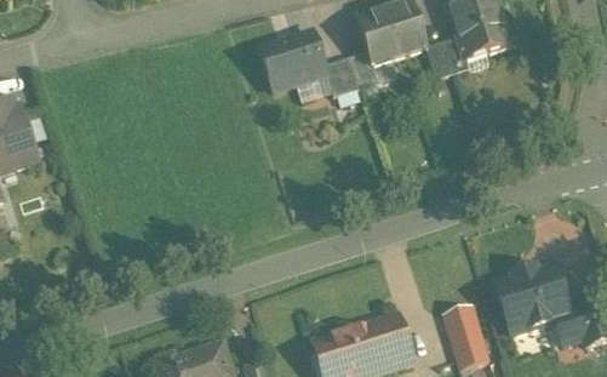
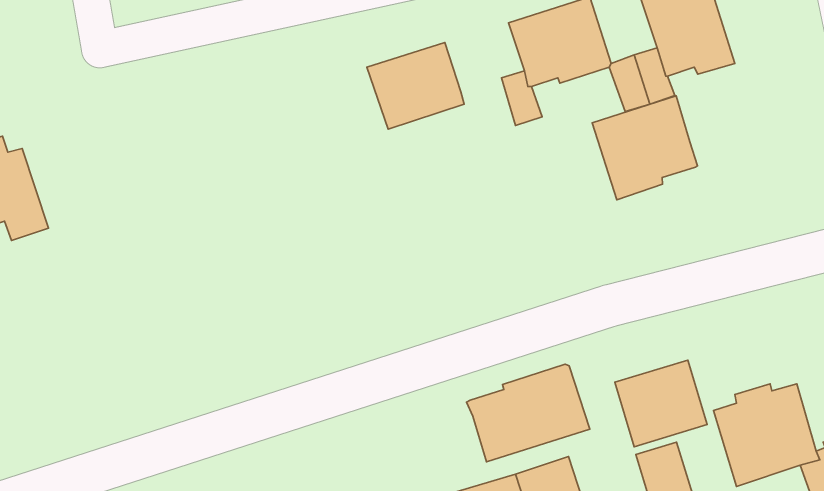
building: [322,55,360,96] -> none
building: none -> [592,96,698,200]
building: none -> [615,360,707,447]
building: none -> [466,364,590,462]

